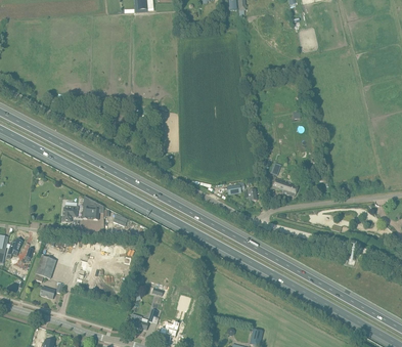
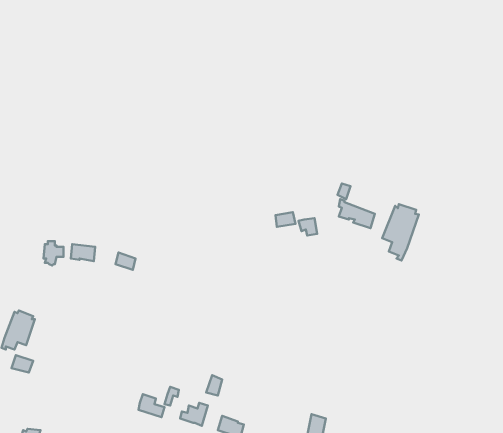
building: none -> [382,204,419,260]

